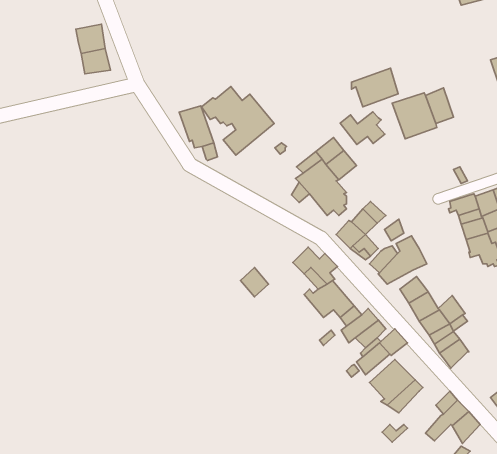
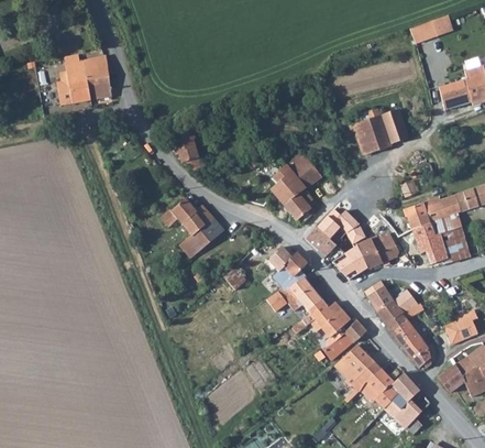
building: none -> [56,59,89,103]
building: [351,68,398,107] -> none
building: [201,86,274,155] -> [161,197,223,256]
building: [340,112,385,145] -> none
building: none -> [372,232,399,262]
building: none -> [405,338,431,369]
building: none -> [360,369,396,408]

